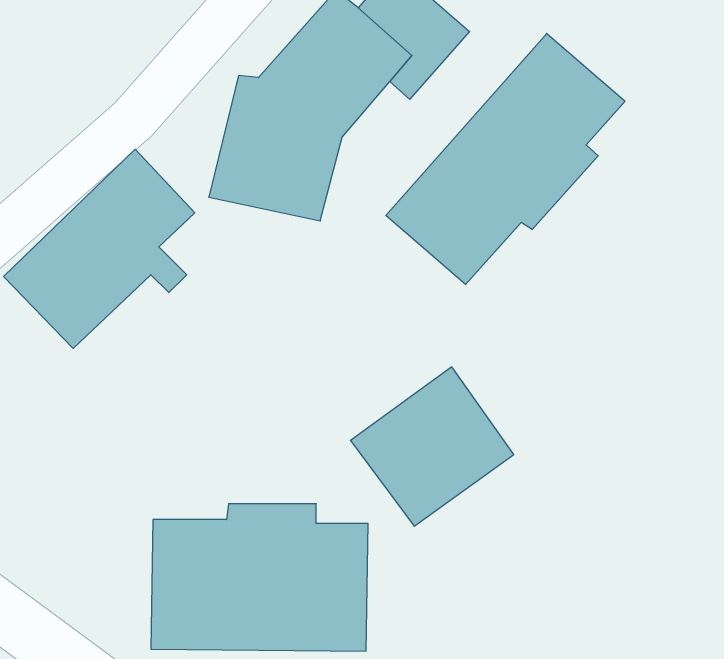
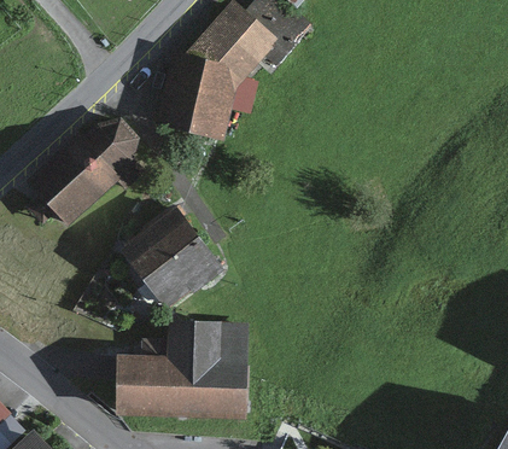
building: [386,33,625,285] -> none
building: [350,367,514,526] -> [122,218,221,315]

